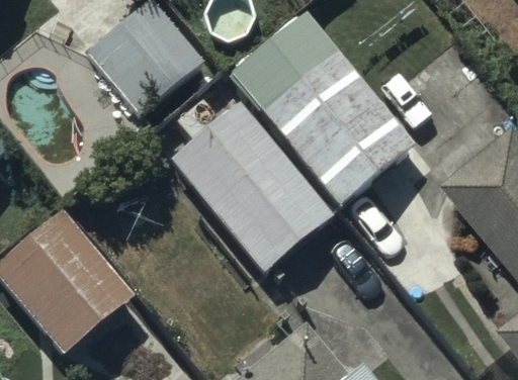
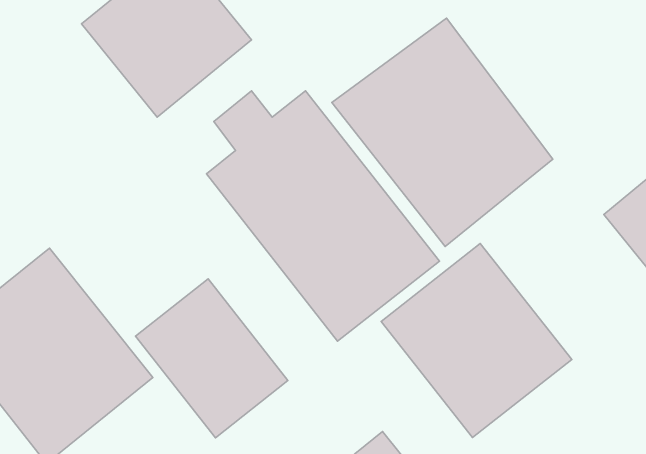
building: none -> [381,244,572,438]
building: none -> [135,279,288,438]

